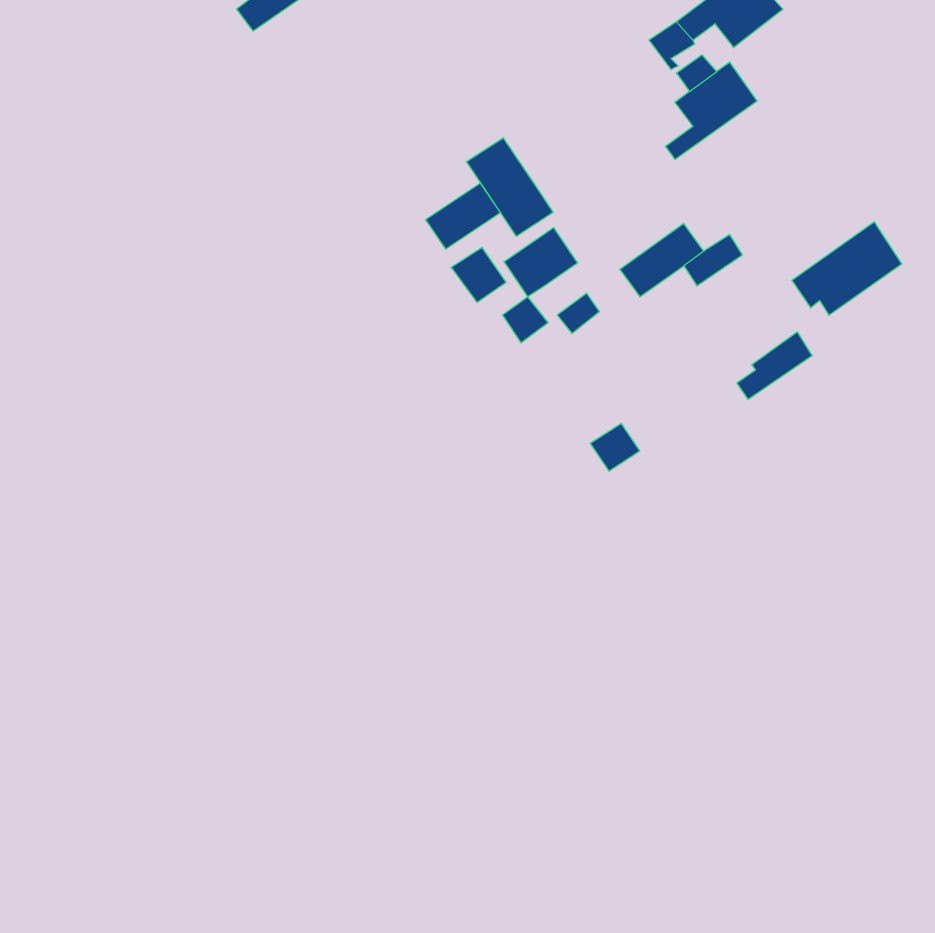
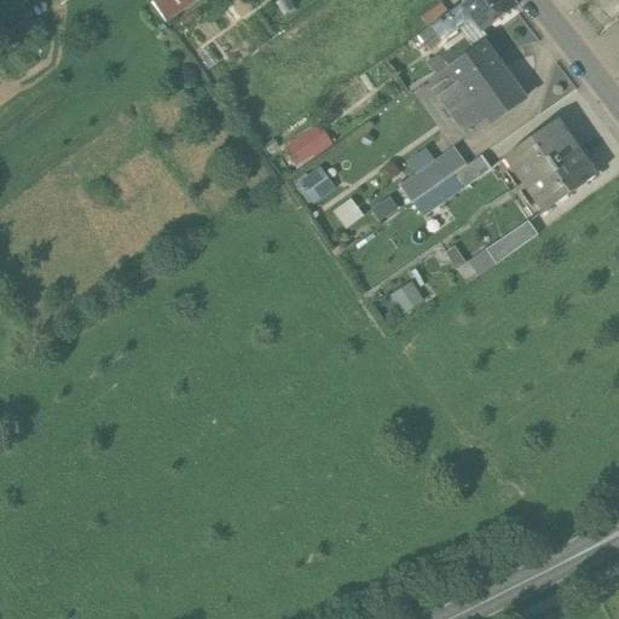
building: none -> [446,66,523,138]
building: [466,138,553,236] -> none
building: none -> [509,118,578,185]
building: [504,227,578,297] -> none

